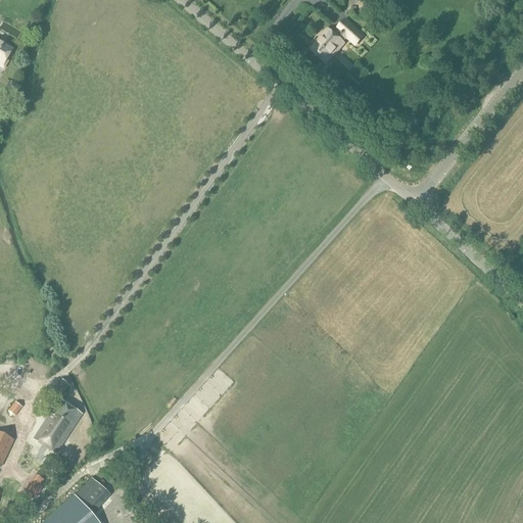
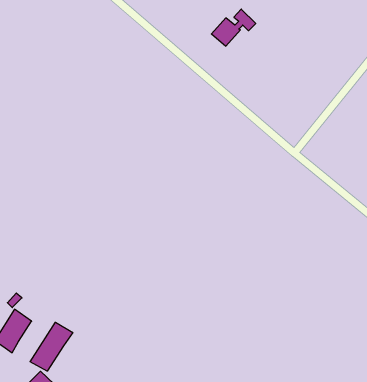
building: none -> [30,322,73,371]

